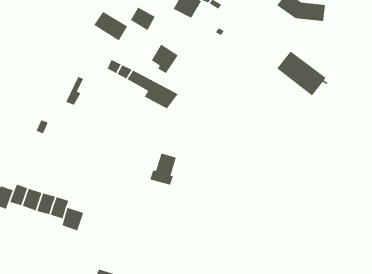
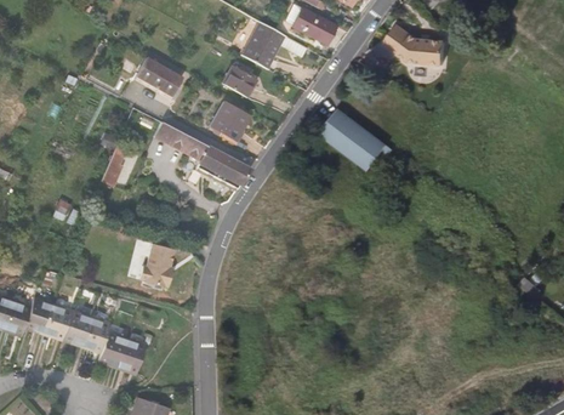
building: [130,7,156,31] -> [222,64,257,97]
building: [276,50,328,97] -> [319,114,389,176]
building: [149,153,177,186] -> [135,243,172,288]
building: none -> [114,328,142,359]

